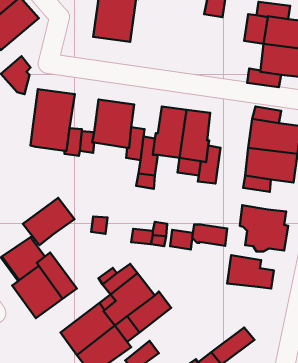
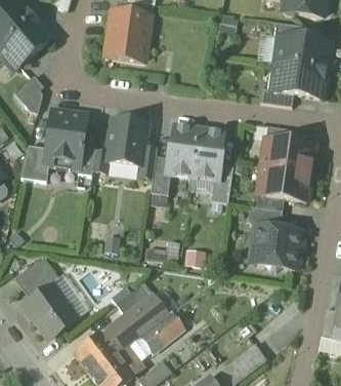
building: none -> [20,145,48,181]
building: [23,198,75,245] -> none
building: [192,224,227,246] -> [247,206,282,228]
building: [227,255,274,289] -> none

